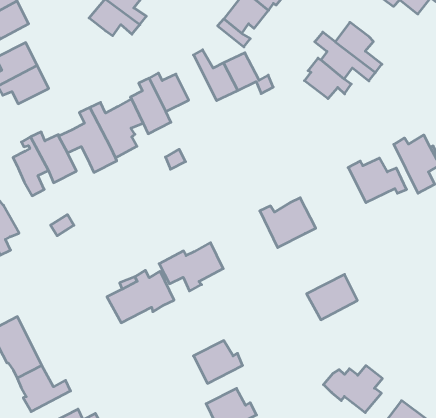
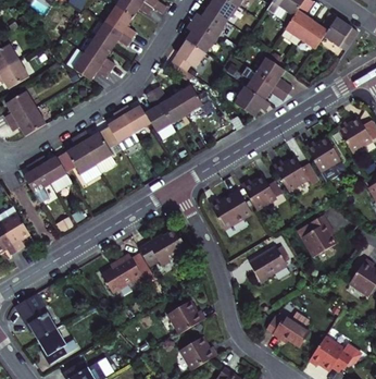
building: none -> [143,90,171,133]
building: none -> [240,176,280,210]
building: none -> [296,215,335,257]

